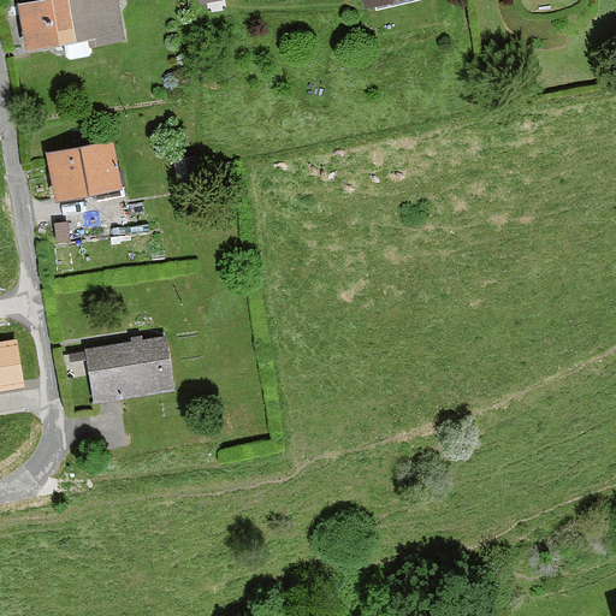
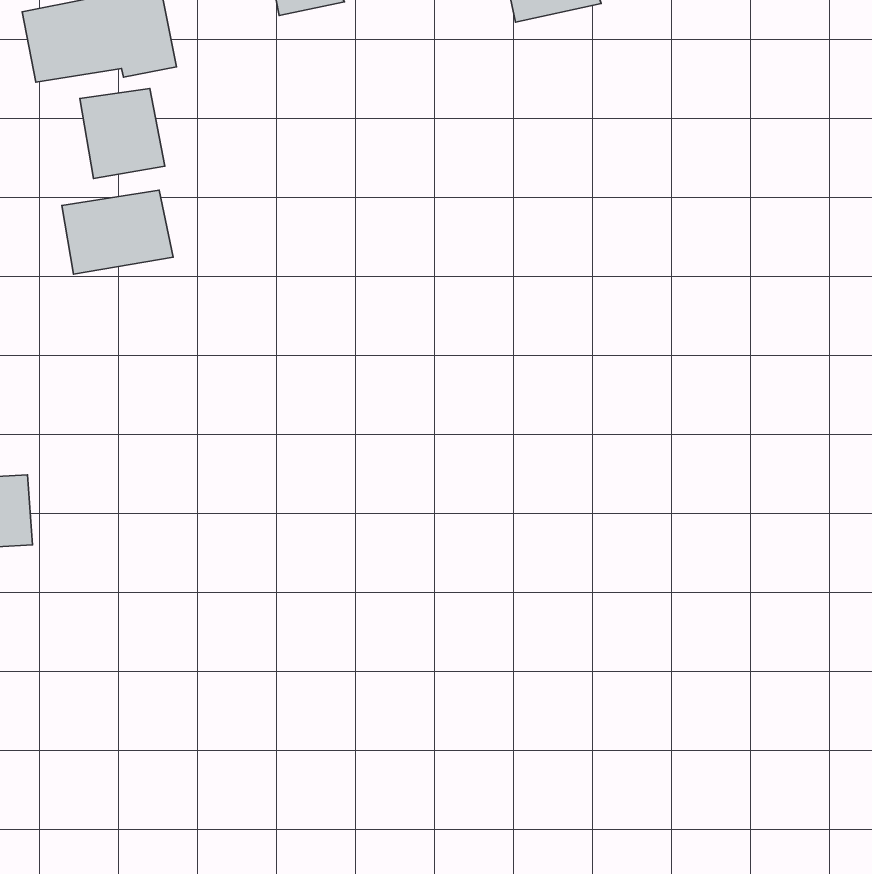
building: none -> [80,88,165,178]
building: [84,334,171,399] -> none

